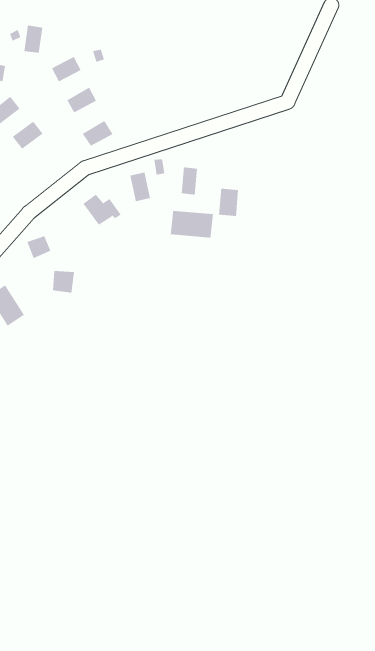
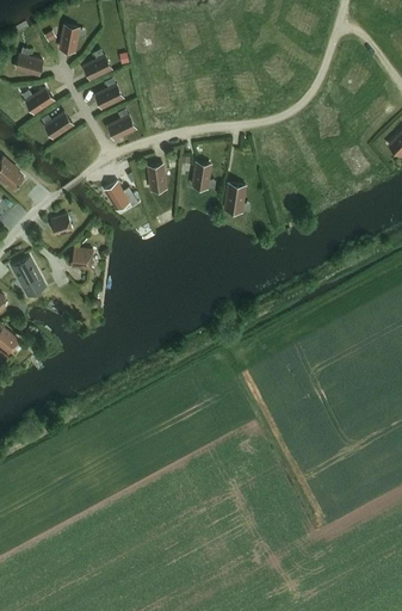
building: [170,210,213,238] -> none

